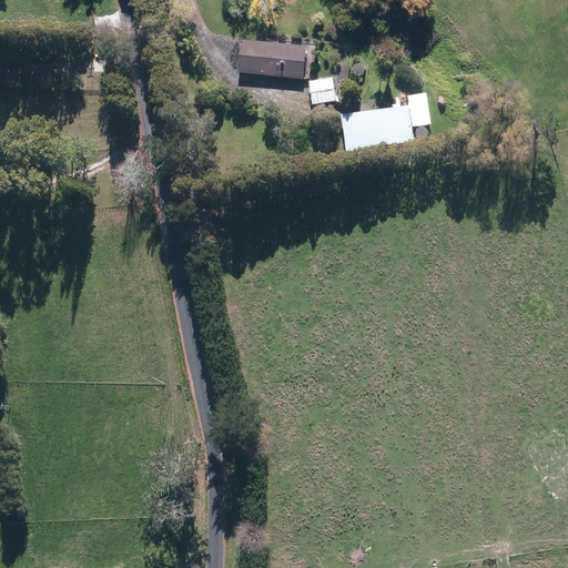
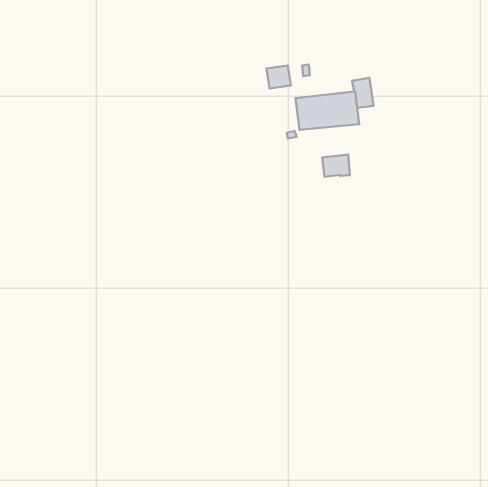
building: [237,38,306,78] -> none
building: none -> [322,155,350,177]

